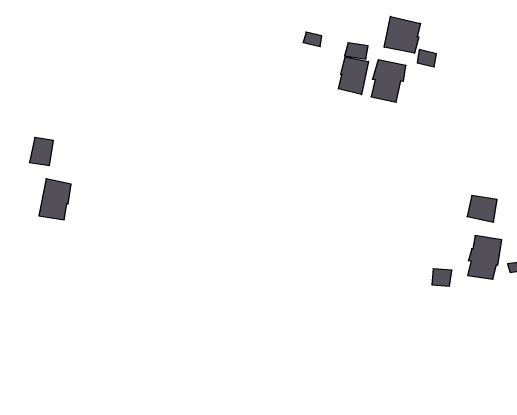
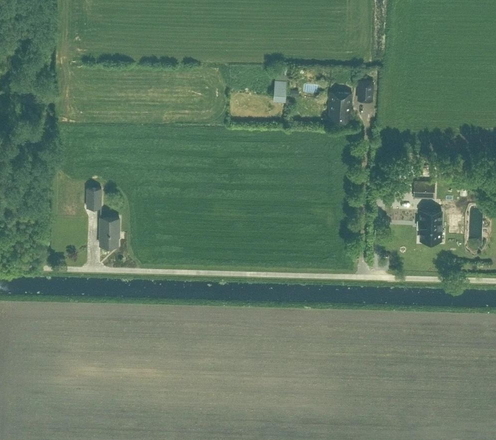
building: [384,16,421,53] -> none
building: [339,57,368,95] -> none

